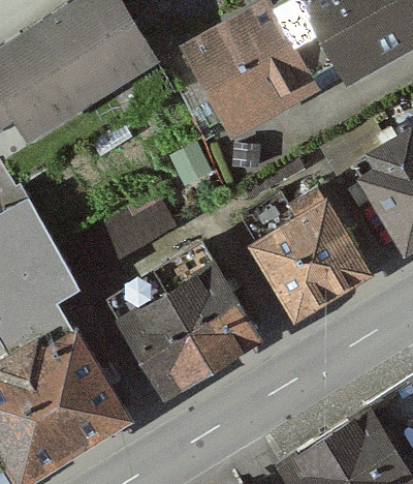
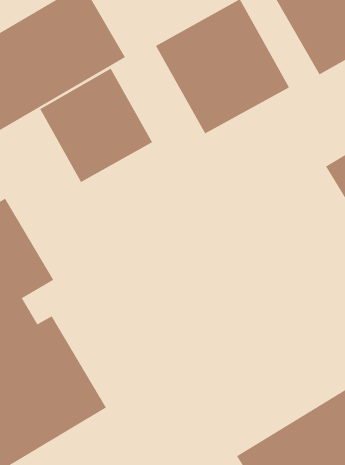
building: none -> [40,68,153,183]
building: [250,201,370,319] -> none
building: [126,267,256,390] -> none

